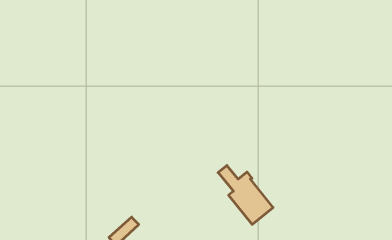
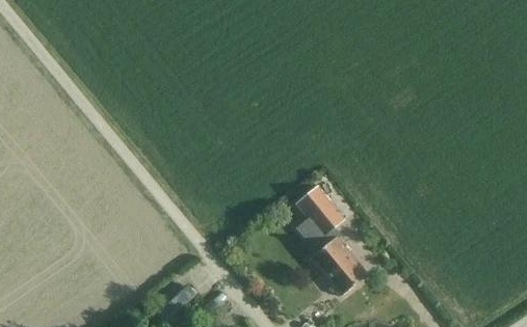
building: none -> [296,186,345,237]

